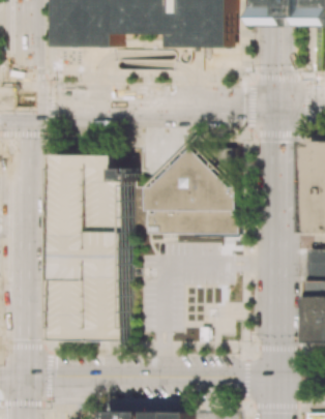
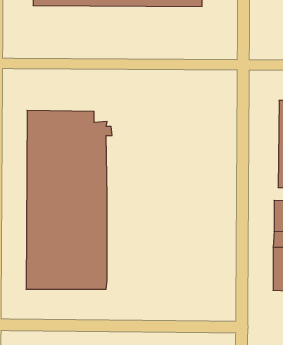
building: [140,141,234,235] -> none

